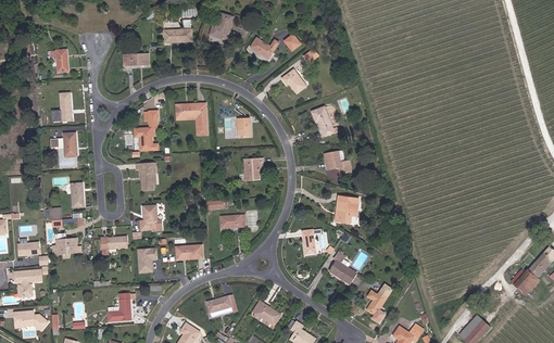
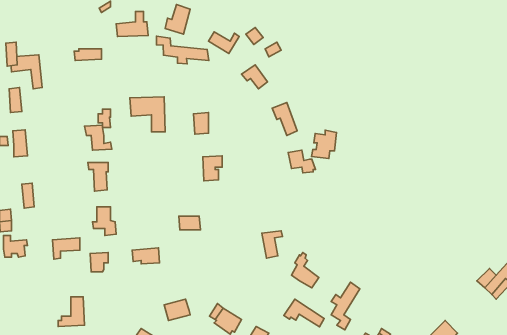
building: none -> [156,36,209,64]
building: [333,195,357,223] -> [312,130,337,159]
building: none -> [284,299,324,327]

